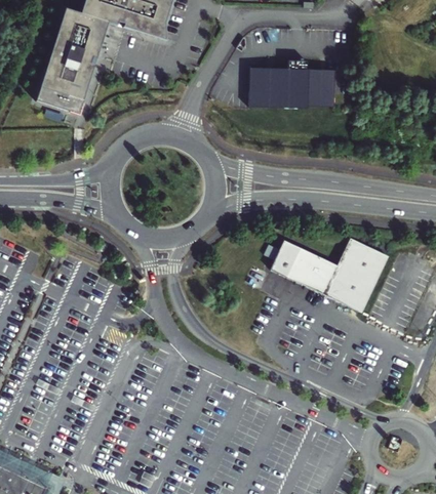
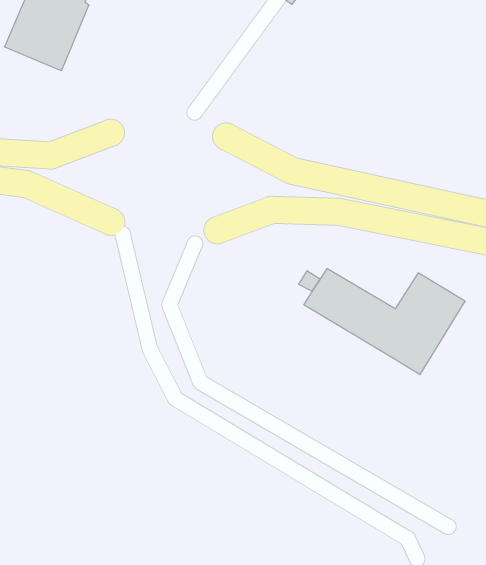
building: [244,61,329,110] -> none

